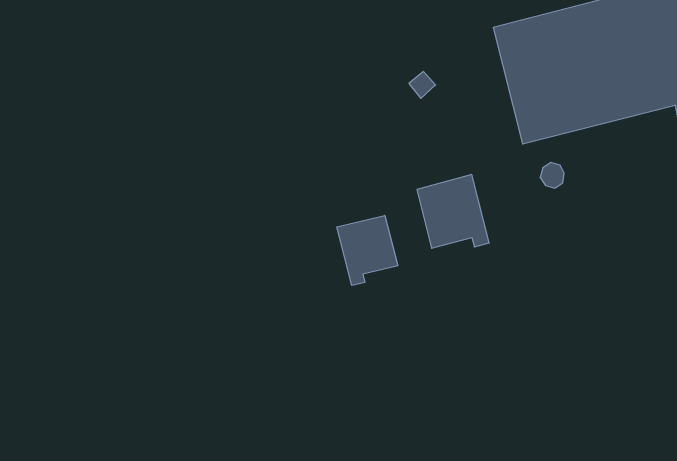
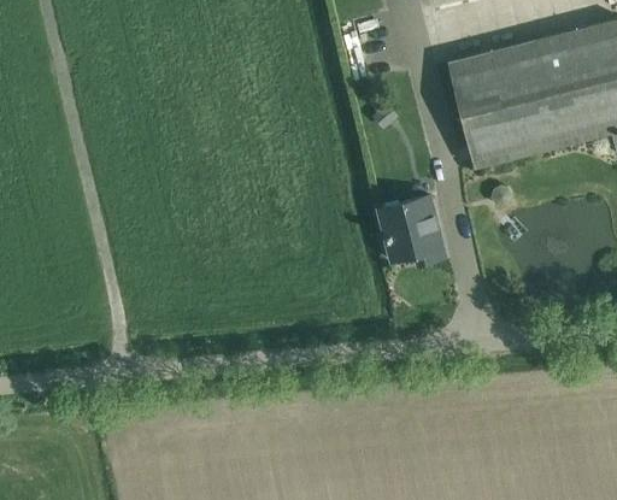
building: [337,215,398,285] -> none

